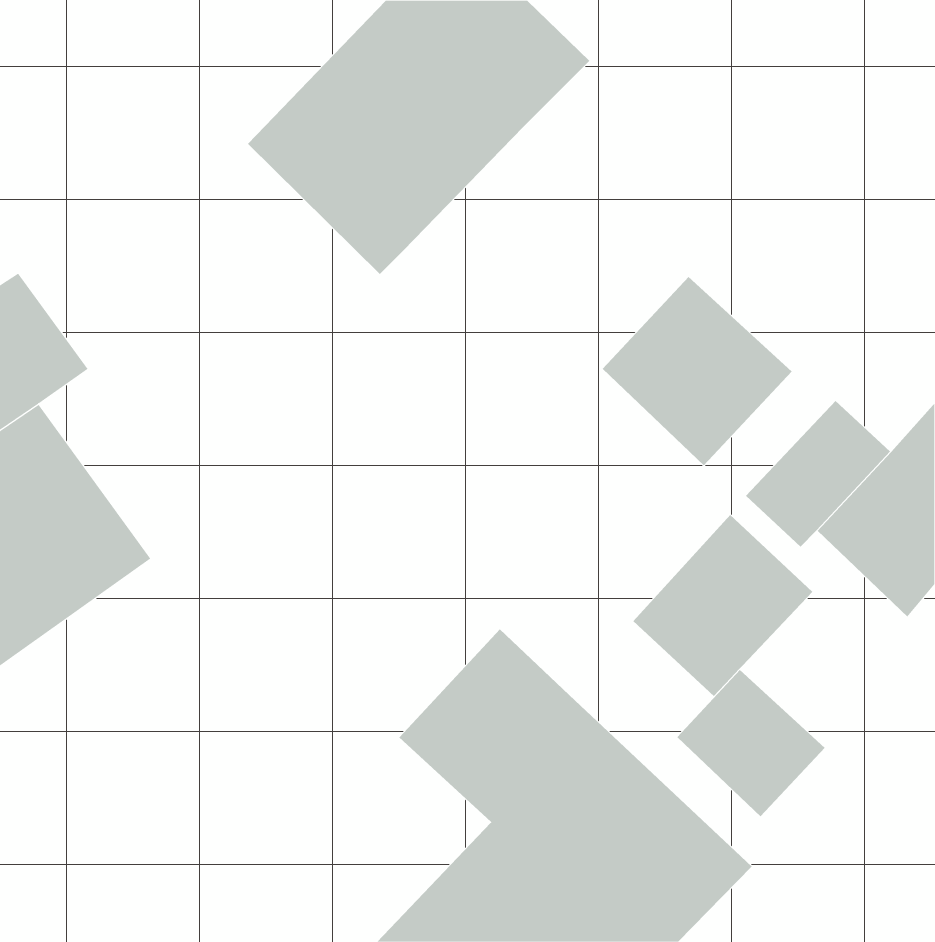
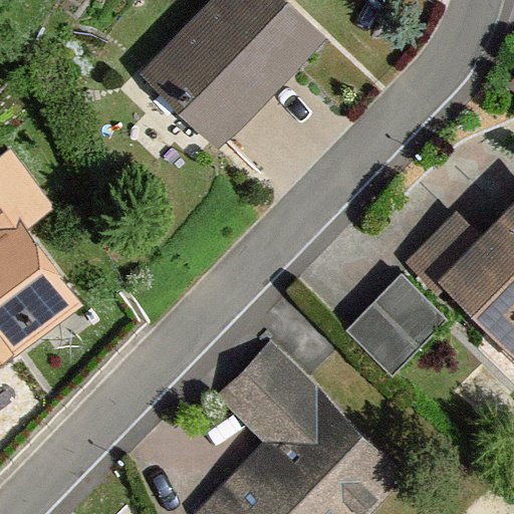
building: [602,276,792,466] -> none
building: [676,669,825,817] -> none

